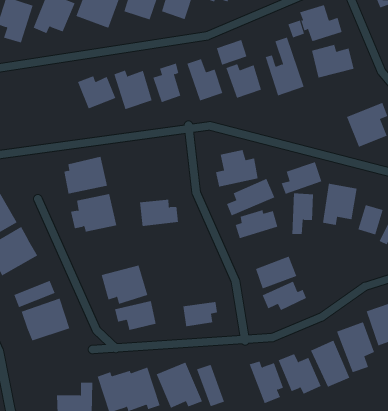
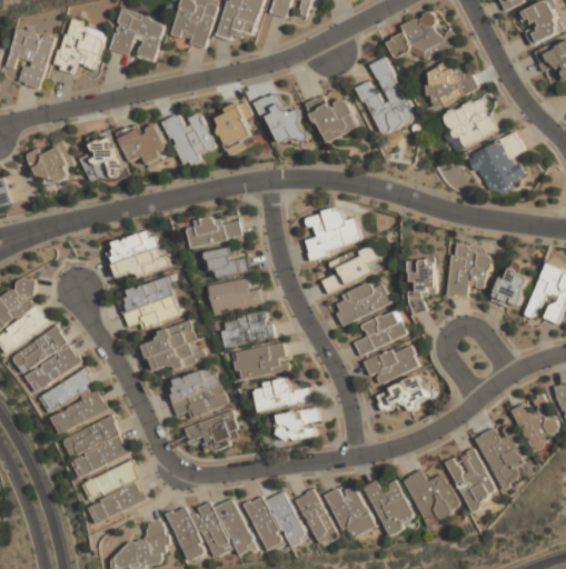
building: [216,39,247,65] -> none
building: none -> [440,94,498,150]
building: none -> [77,130,126,186]
building: none -> [26,142,73,183]
building: none -> [186,216,241,247]
building: [281,162,322,195] -> [352,309,406,355]
building: none -> [203,246,248,279]
building: none -> [218,310,274,348]
building: none -> [142,319,203,376]
building: none -> [234,345,287,379]
building: none -> [40,370,95,411]
building: none -> [251,379,311,411]
building: none -> [86,461,145,522]
building: none -> [325,481,375,537]

